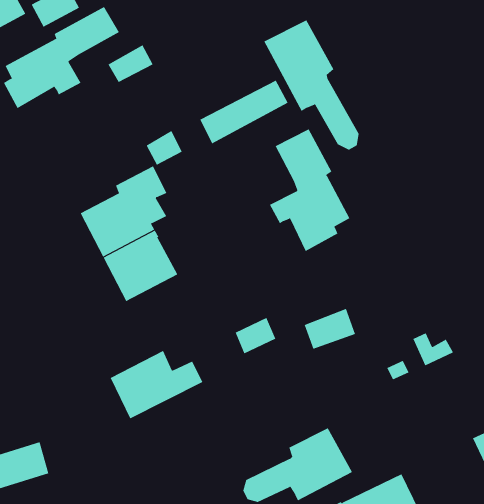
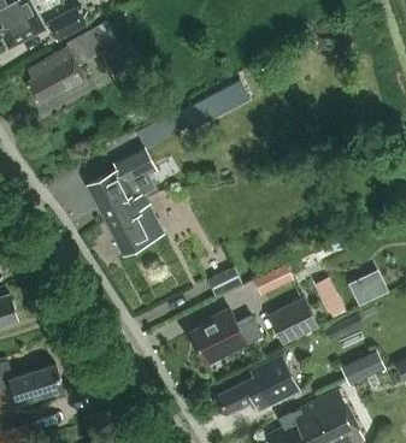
building: [264,20,359,150] -> none
building: [269,129,350,252] -> none
building: [110,350,203,419] -> [189,312,263,366]
building: none -> [269,296,319,344]
building: none -> [346,353,389,388]

